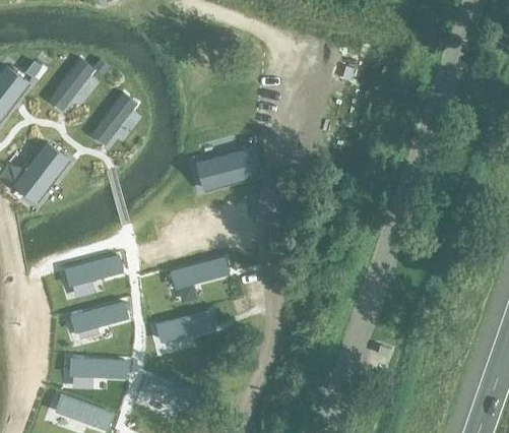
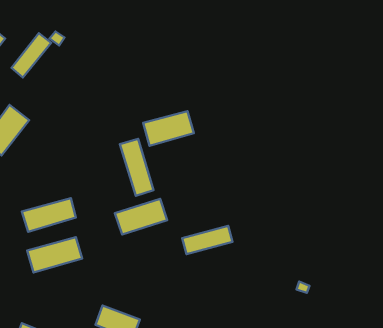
building: [90,94,138,146] -> none
building: none -> [120,139,154,196]
building: [156,312,214,345] -> [182,226,233,254]
building: [69,358,126,379] -> none

